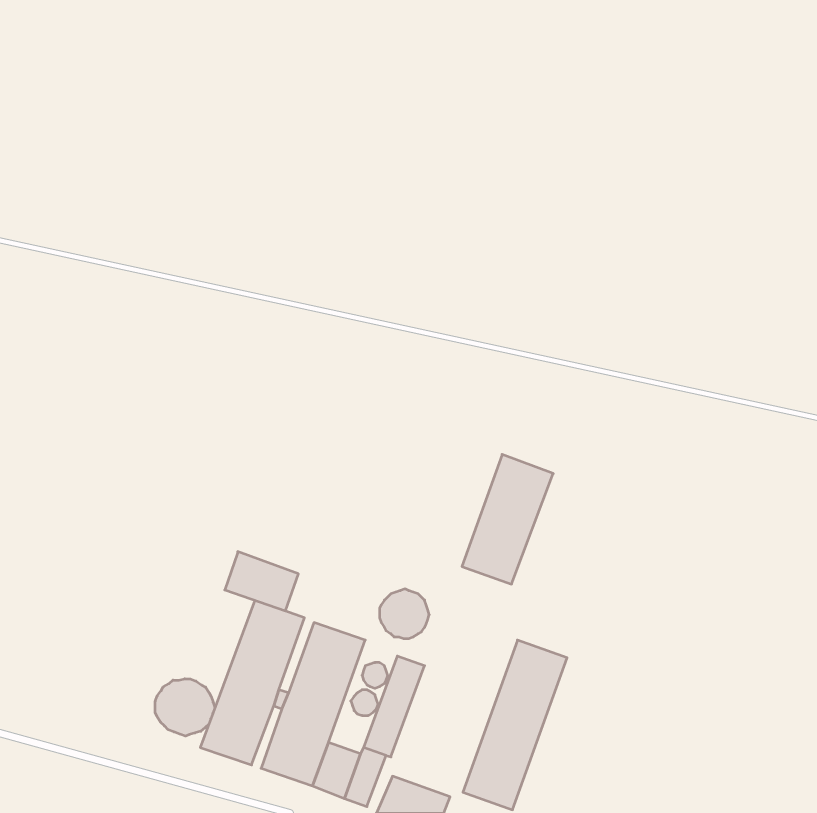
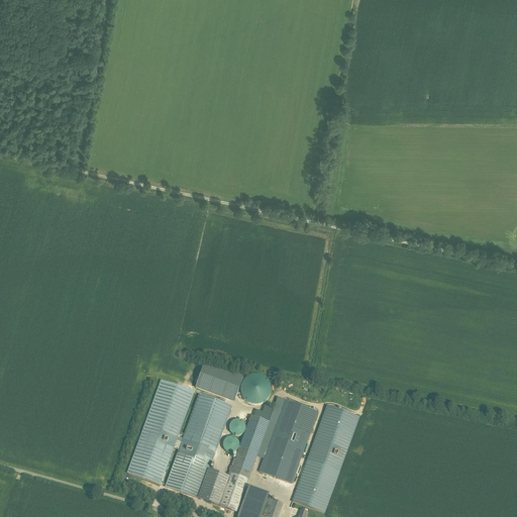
building: [462,454,553,584] -> [260,399,317,481]
building: [225,552,298,611] -> [195,361,241,399]
building: [155,679,215,736] -> none

